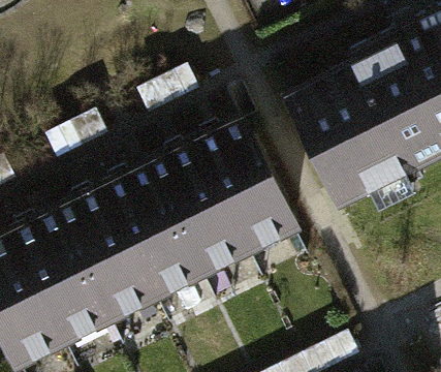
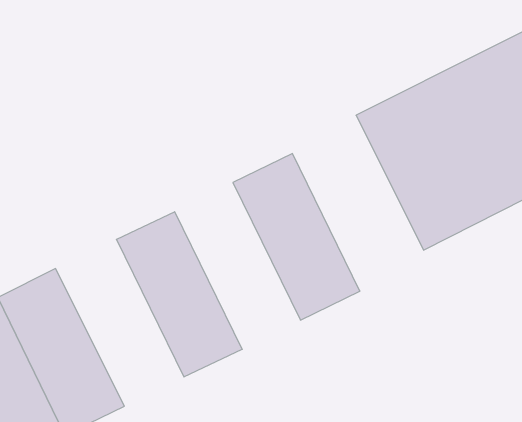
building: [155,150,253,280] -> none
building: [62,194,162,324] -> none

